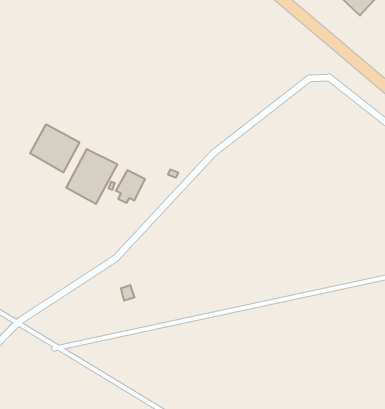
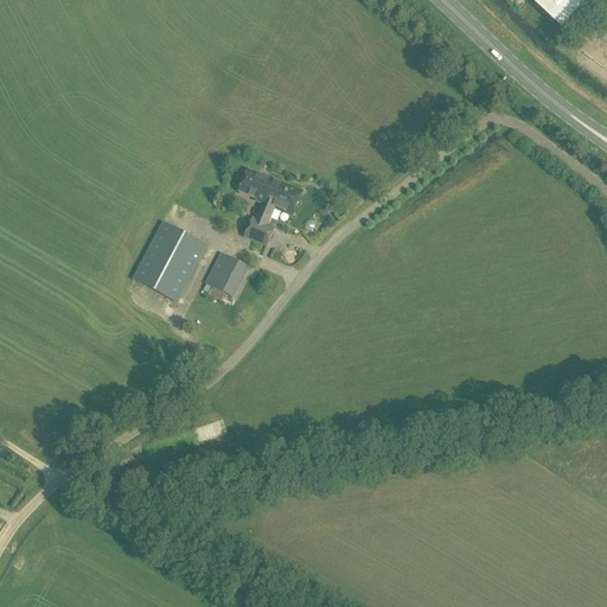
building: none -> [238,167,302,243]
building: [30,124,79,172] -> none

